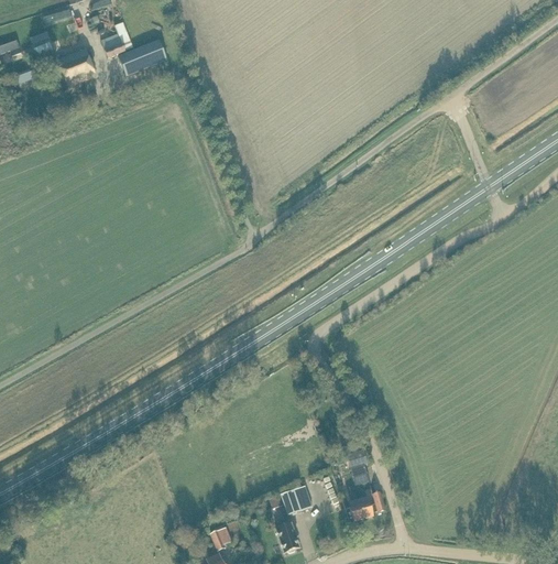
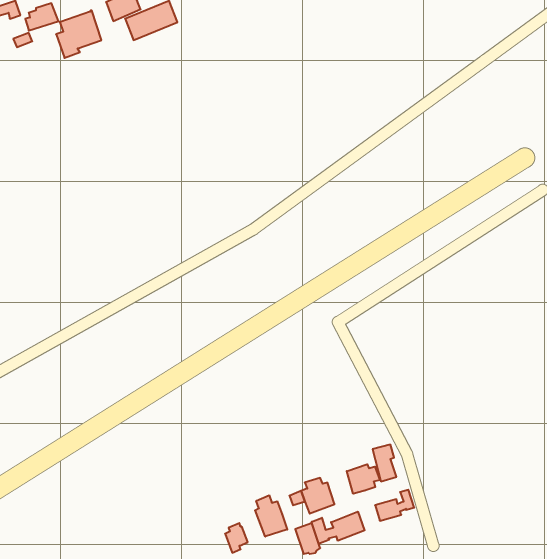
building: none -> [347,464,380,494]
building: none -> [255,495,287,537]
building: none -> [312,512,365,544]

